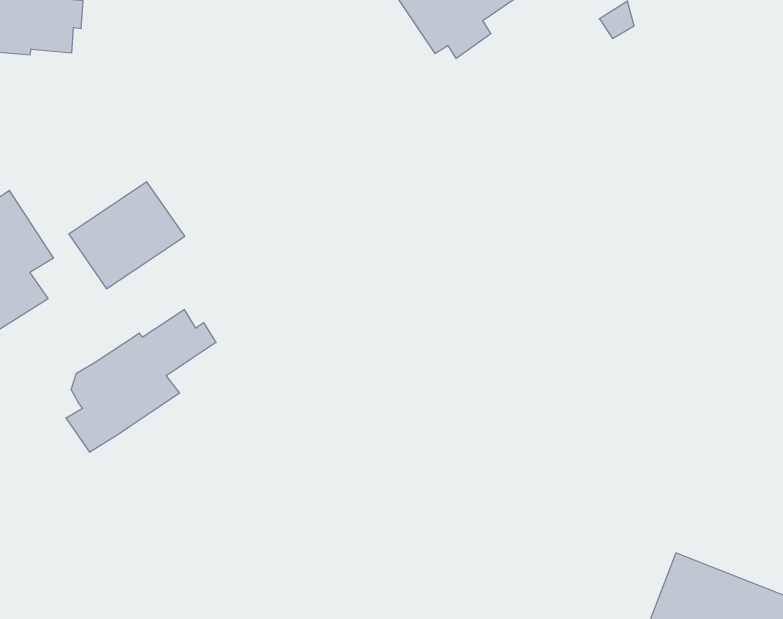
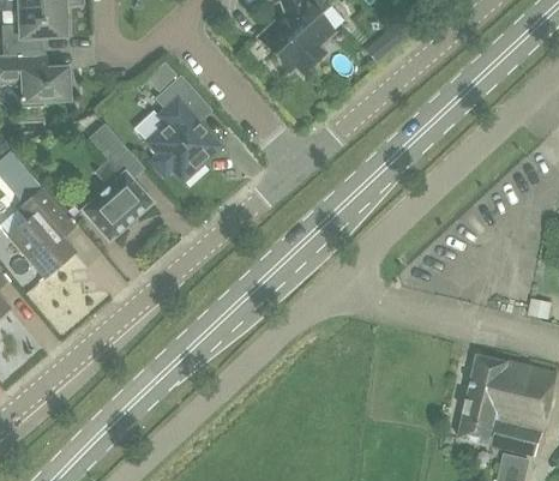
building: none -> [146,76,221,175]
building: none -> [90,124,131,167]
building: [66,309,216,452] -> none

